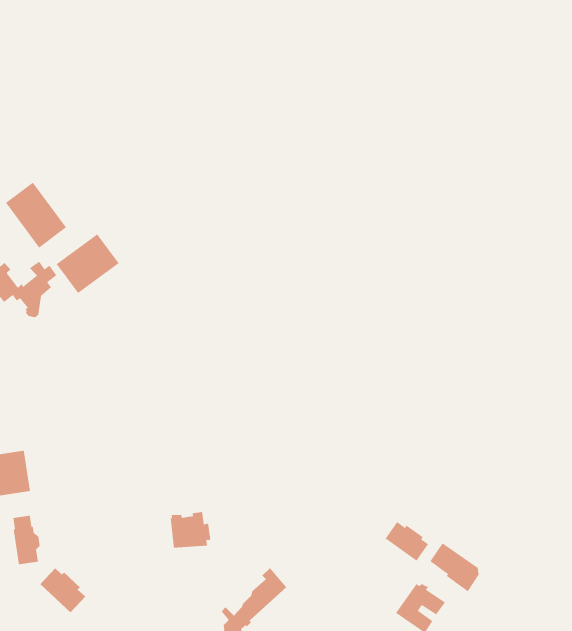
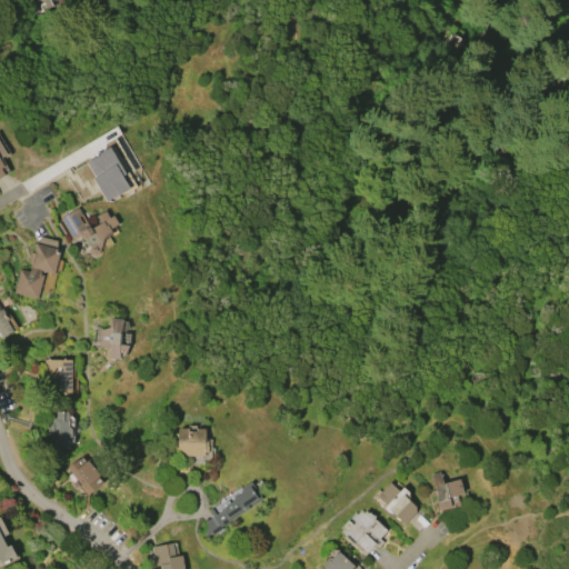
building: [56,233,119,294] -> none
building: none -> [96,318,130,359]
building: none -> [431,472,463,510]
building: [385,521,429,562] -> none

